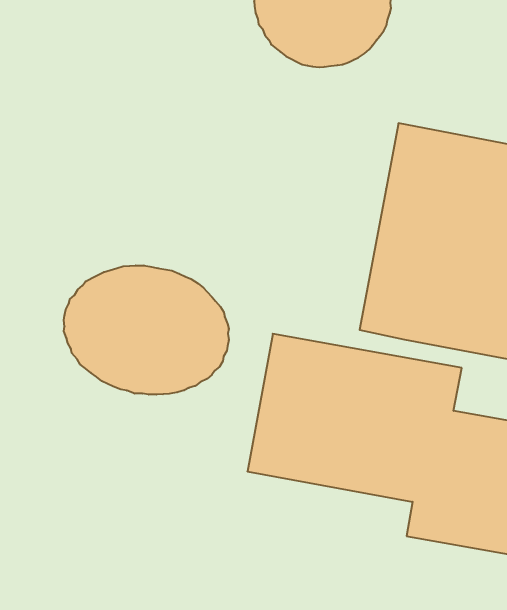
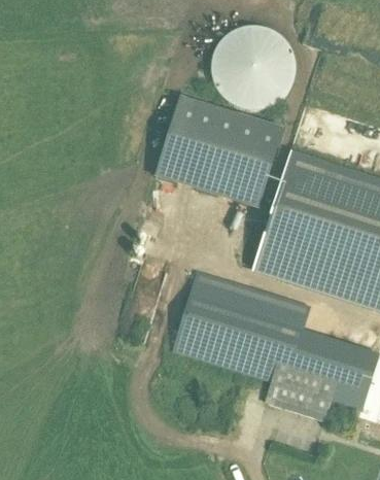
building: none -> [154,96,284,208]
building: [64,265,229,395] -> none

